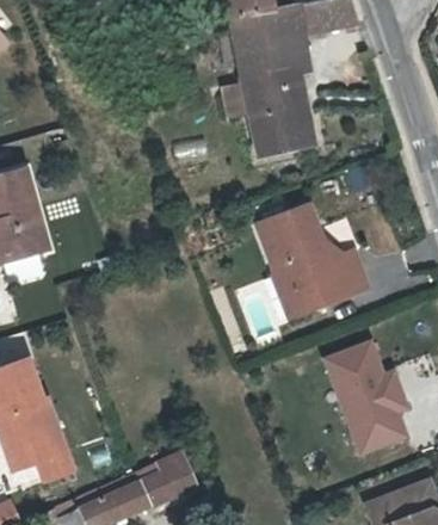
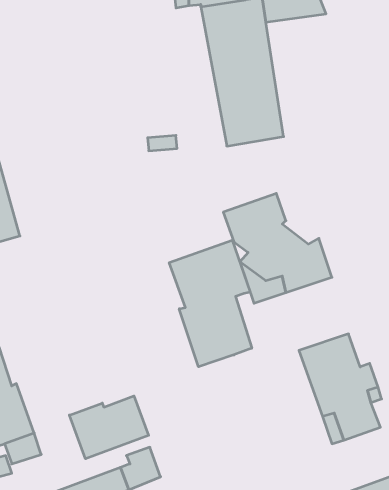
building: none -> [169,240,252,367]
building: none -> [69,396,149,459]

